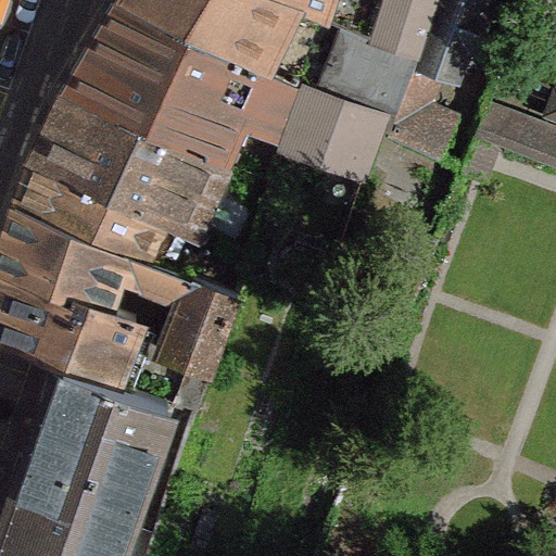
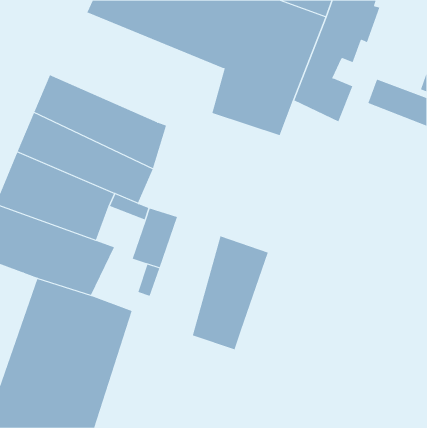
building: [64,16,290,159] -> none
building: none -> [192,236,268,350]

